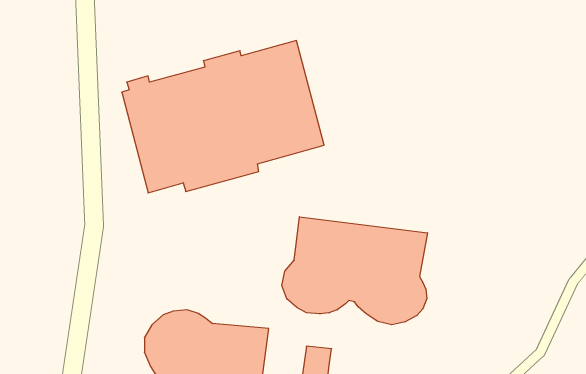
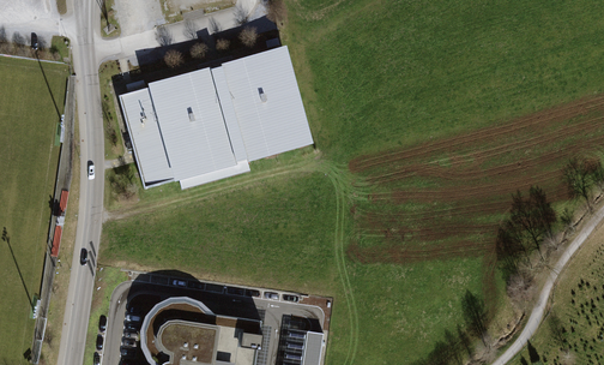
building: [282,217,427,325] -> none

